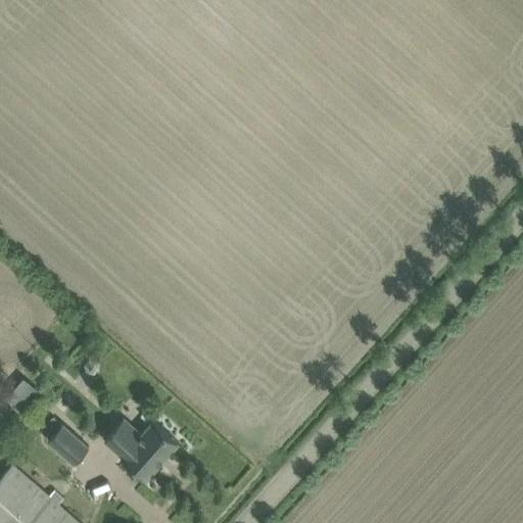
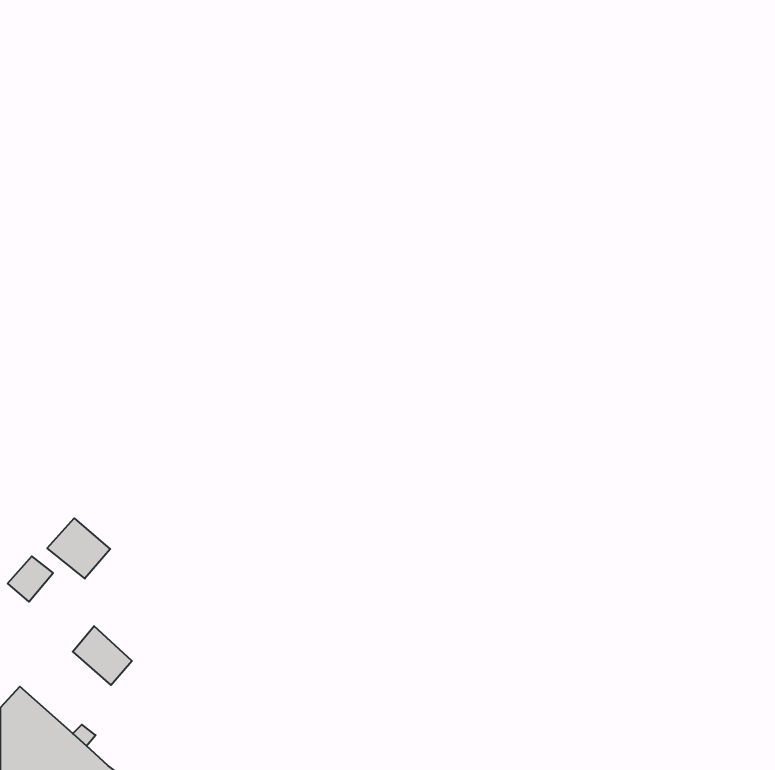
building: none -> [47,518,110,579]
building: [105,422,179,480] -> none

